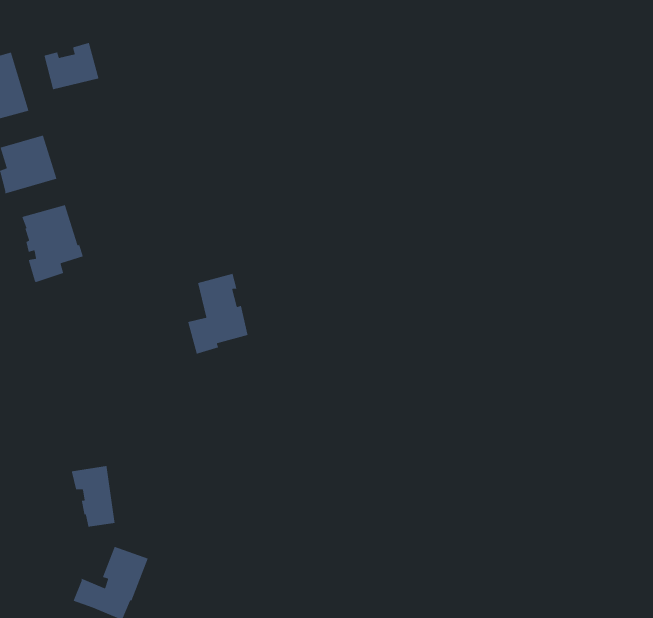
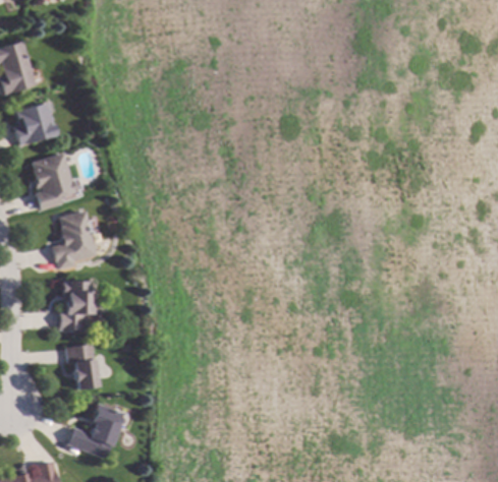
building: [43,42,99,90] -> none
building: [187,273,248,355] -> [51,209,96,269]
building: none -> [60,280,103,328]

